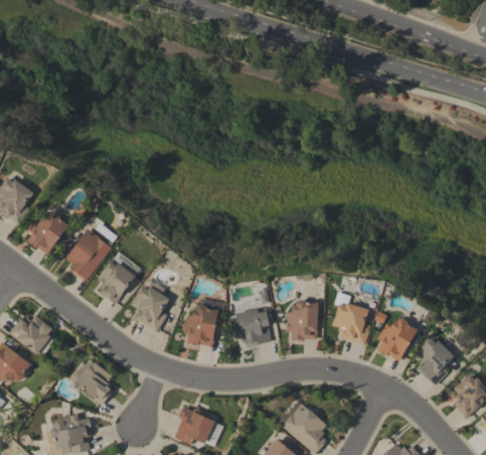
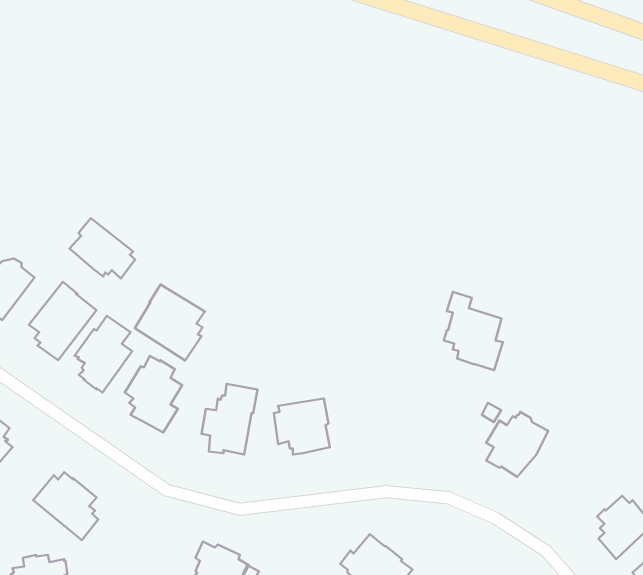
building: none -> [70,218,135,279]
building: none -> [135,284,205,360]
building: [331,292,371,345] -> [444,292,503,370]
building: [286,300,318,340] -> none
building: [416,338,454,386] -> none

